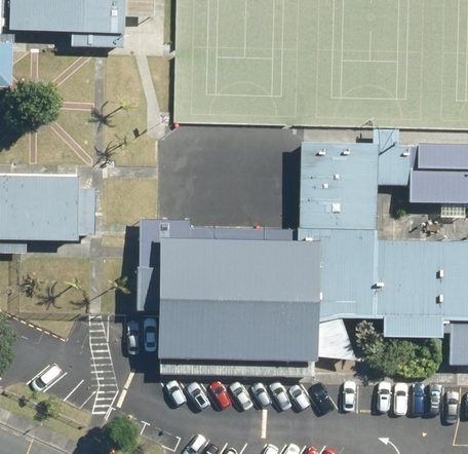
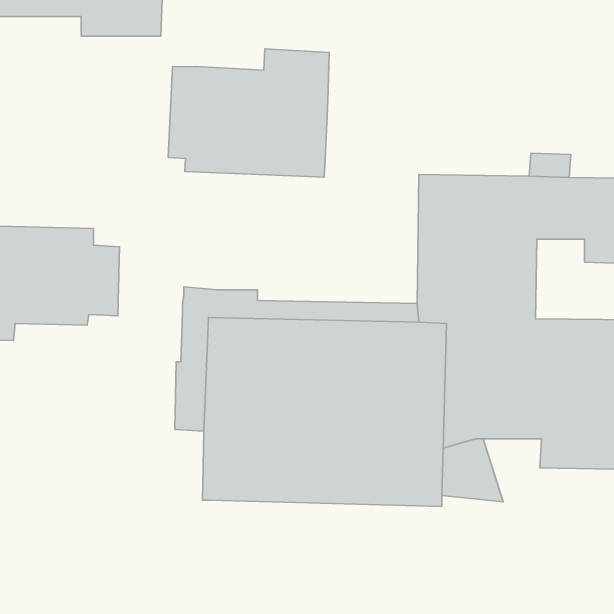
building: none -> [168,49,329,177]

